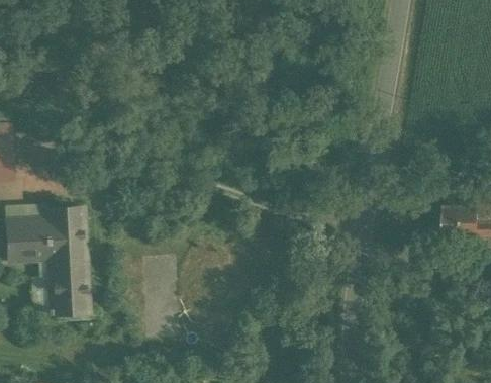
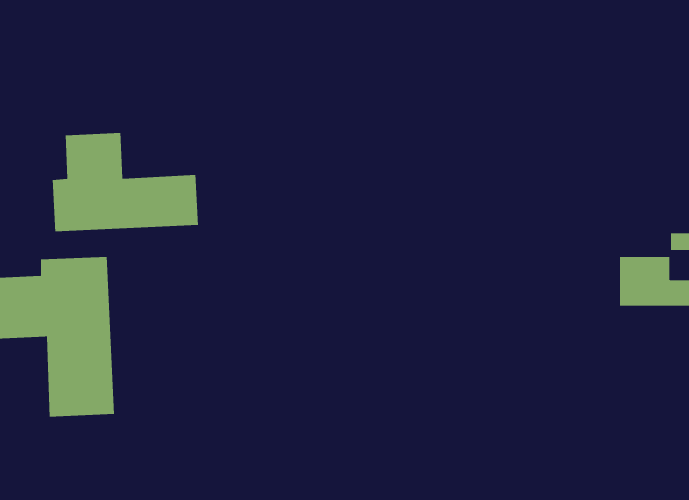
building: none -> [52,132,198,232]

